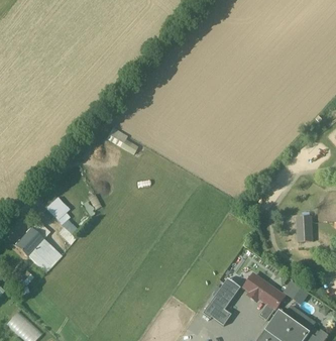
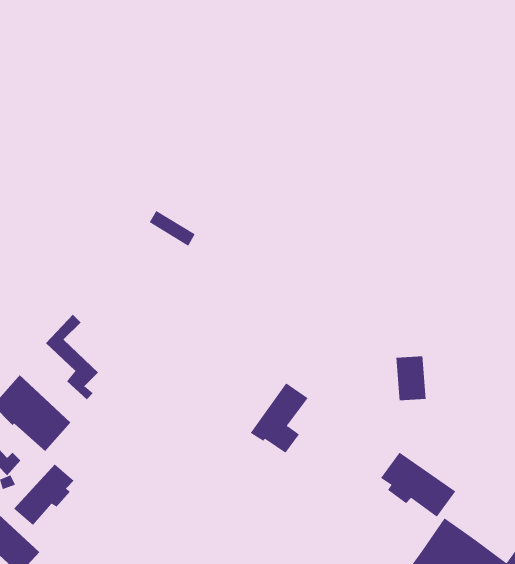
building: [296,215,314,241] -> [396,356,427,401]
building: none -> [13,463,74,526]
building: [203,282,237,324] -> [250,383,308,453]

